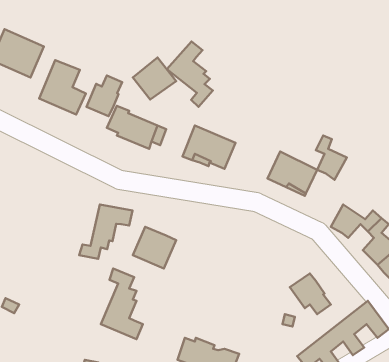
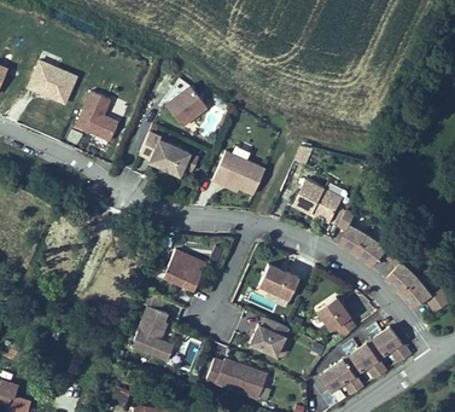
building: [167,41,213,107] -> none
building: [86,76,122,116] -> none
building: [316,135,347,180] -> [339,209,369,253]
building: [79,204,133,259] -> none
building: none -> [257,257,298,304]
building: none -> [251,319,291,358]

